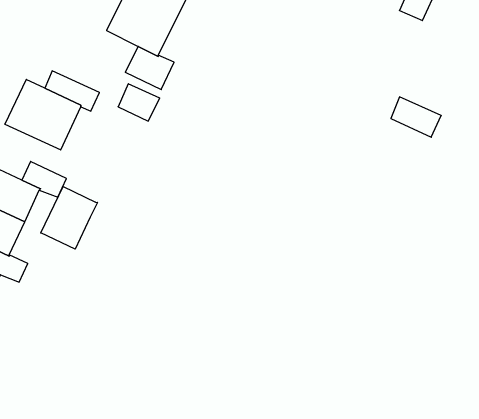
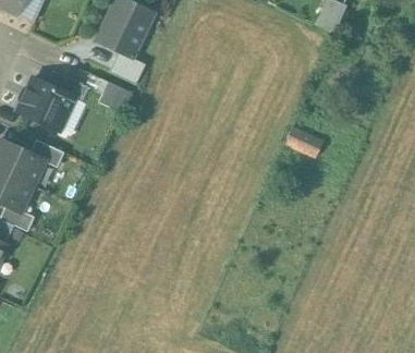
building: [391,97,441,137] -> [285,126,324,157]
building: [41,186,97,249] -> none

